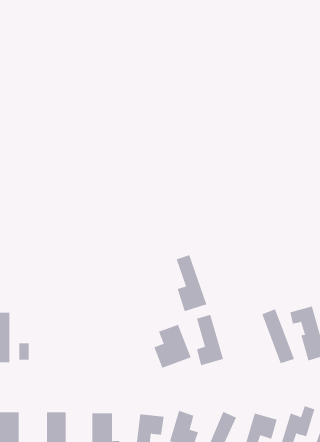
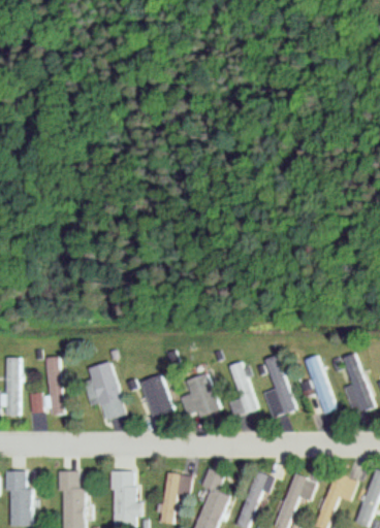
building: [176,255,207,312] -> [263,355,298,419]
building: none -> [45,357,62,415]
building: none -> [92,362,126,422]
building: none -> [140,375,175,418]

